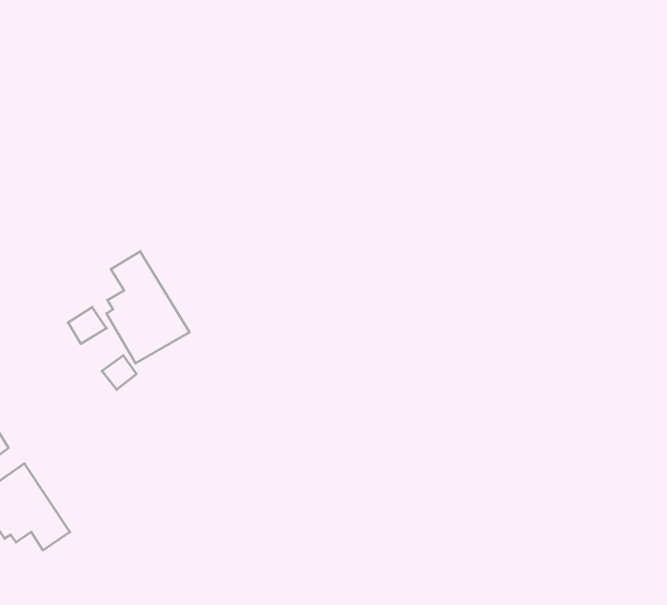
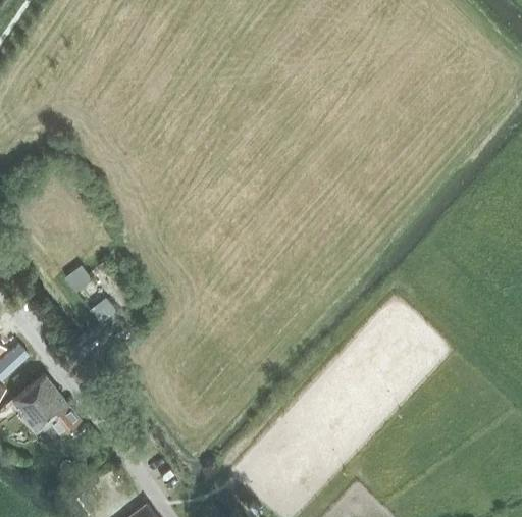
building: [107,251,189,363] -> none

